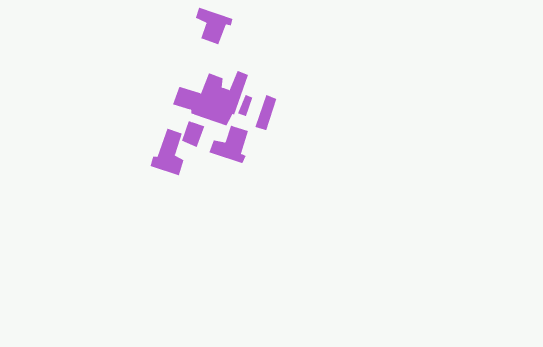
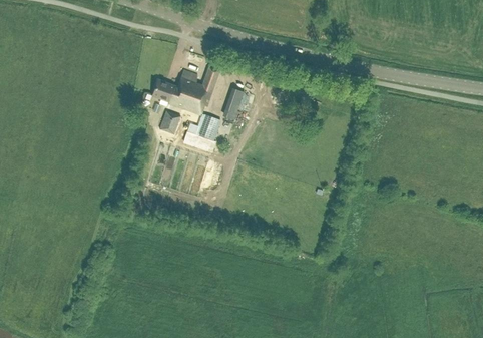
building: [195,7,233,45] -> none
building: [150,128,184,176] -> none

